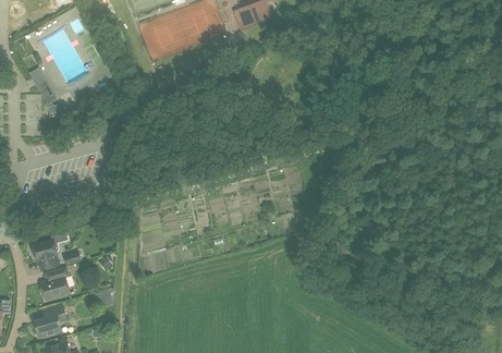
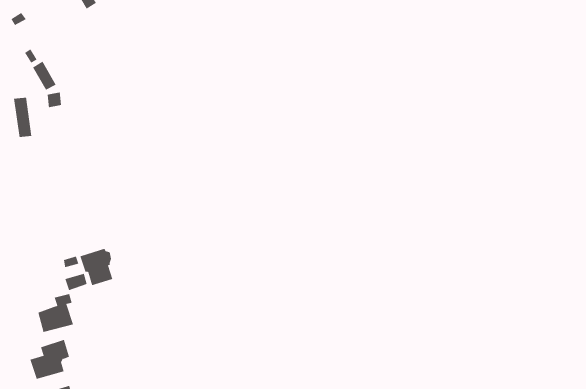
building: [30,238,58,268] -> [79,248,113,286]

